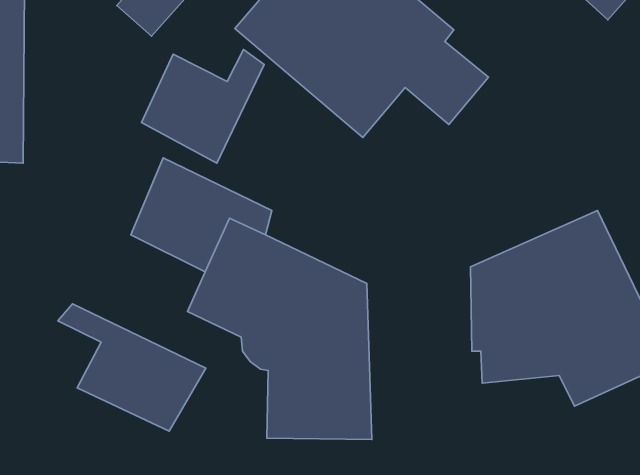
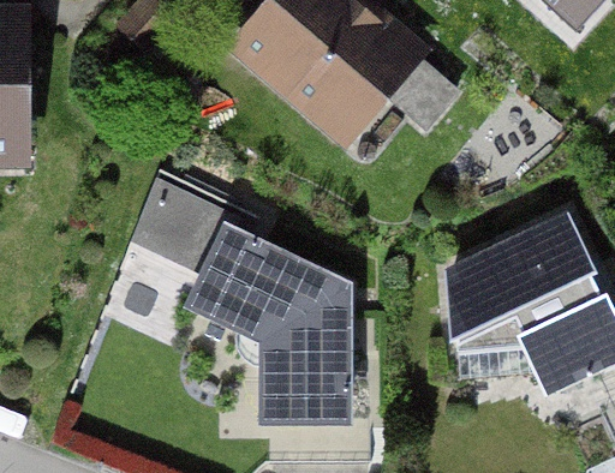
building: [142,50,264,163] -> none
building: [58,304,206,431] -> none

